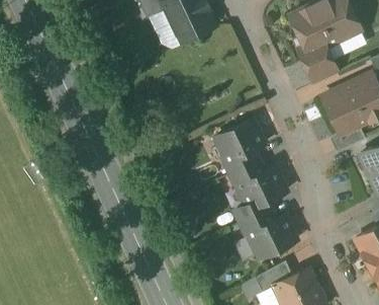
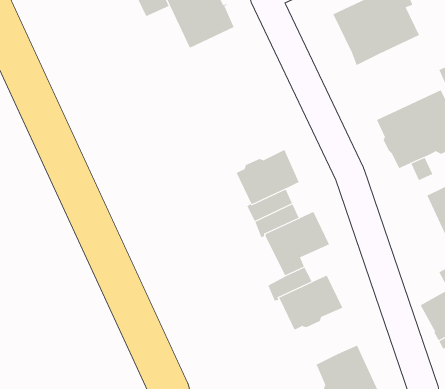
building: [296,46,338,85] -> none
building: [255,261,291,293] -> none

